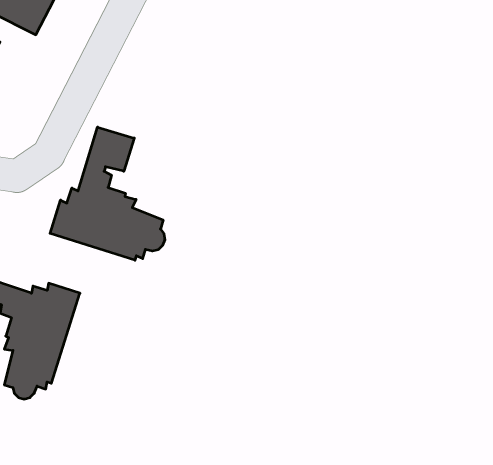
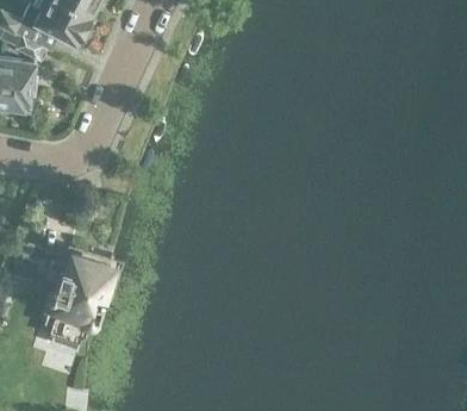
building: [50,127,165,260] -> none

